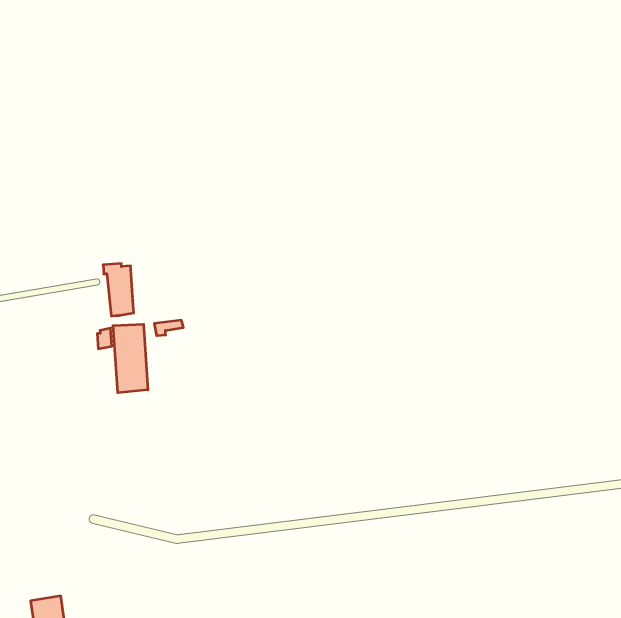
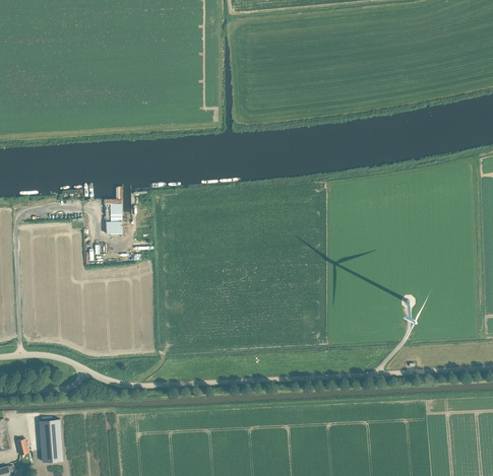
building: [113,324,148,393] -> none

